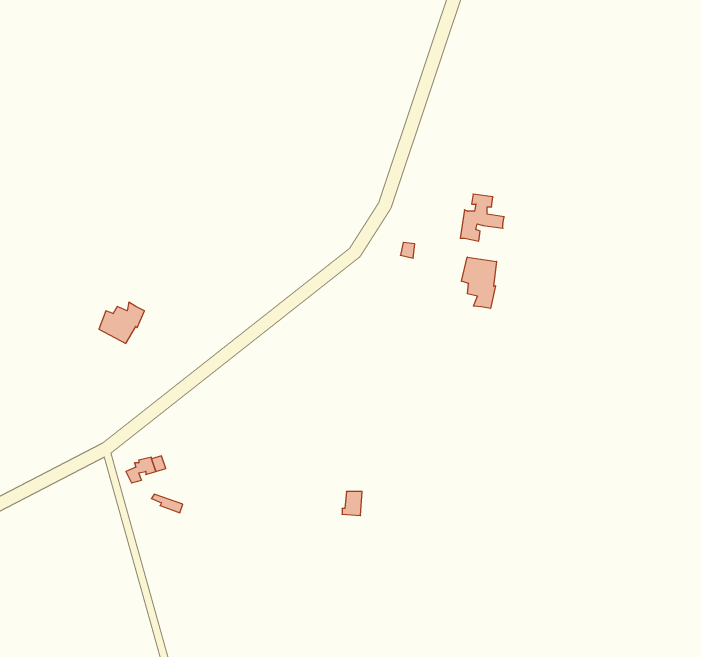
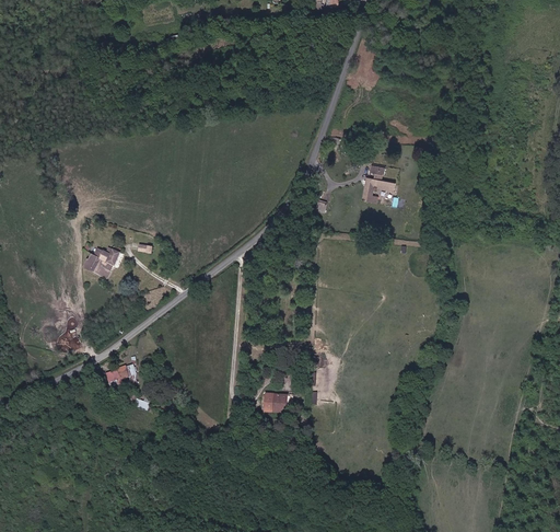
building: [461,257,496,308] -> none

